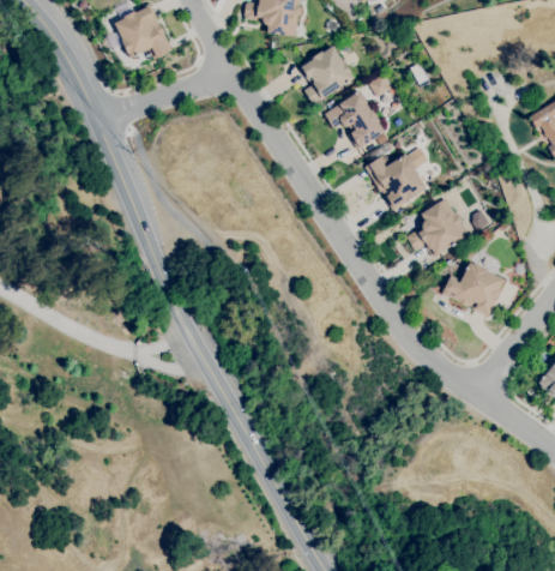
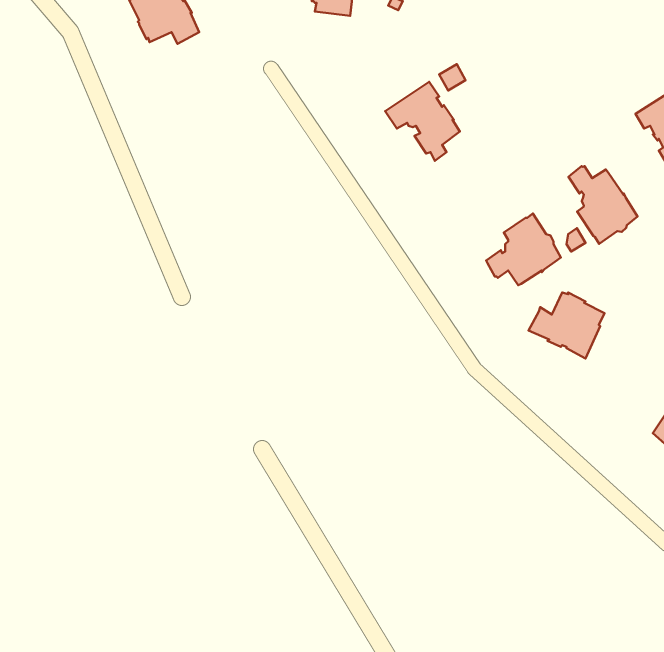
building: [300,46,355,104] -> none
building: [366,154,427,210] -> none
building: none -> [569,166,637,244]

